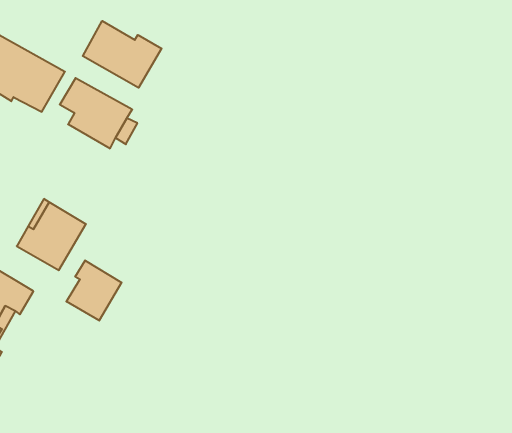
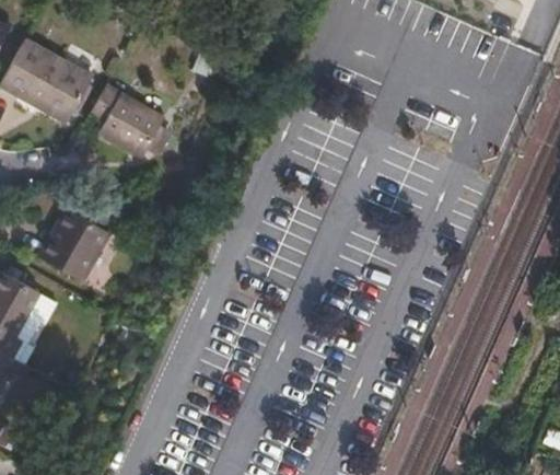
building: [83,21,162,88] -> none
building: [66,260,122,321] -> none

